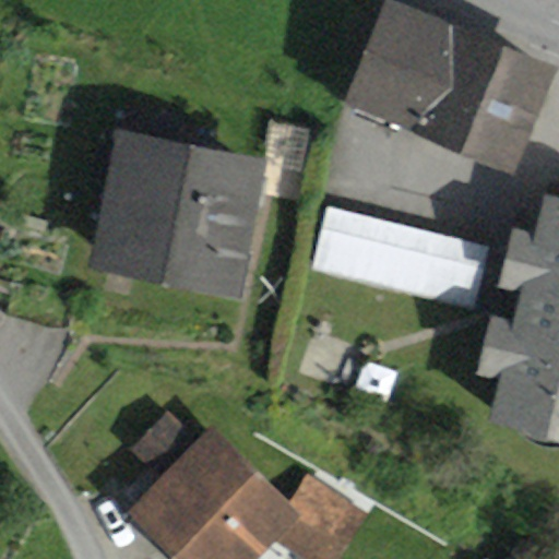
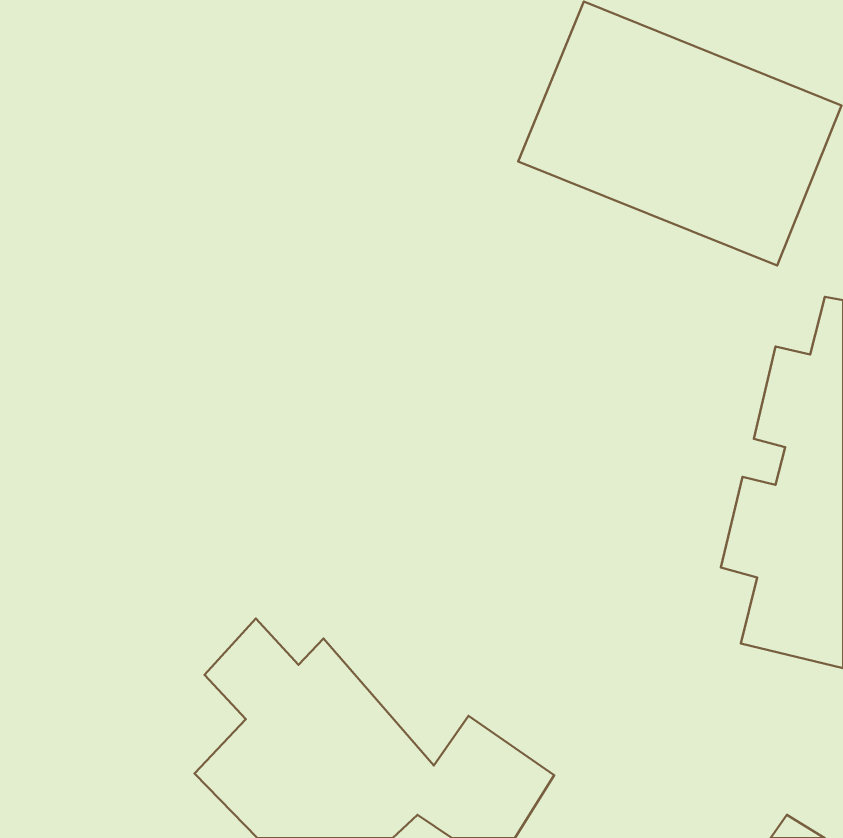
building: [85,129,269,299] -> none
building: [312,205,492,310] -> none

